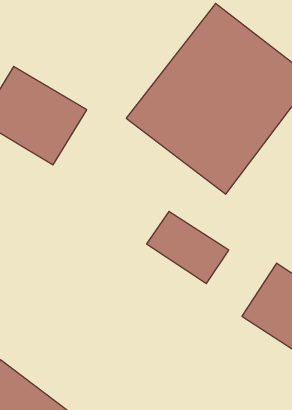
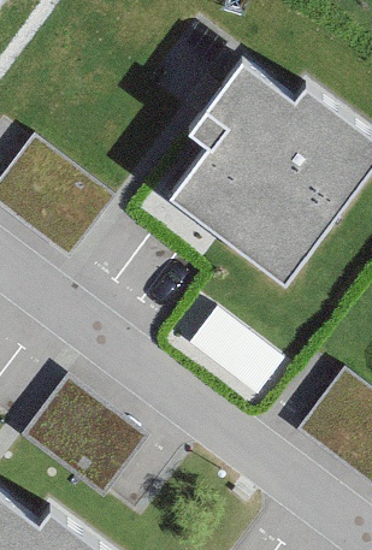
building: none -> [28,371,150,490]

